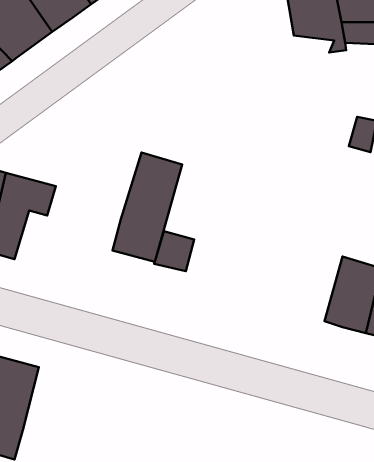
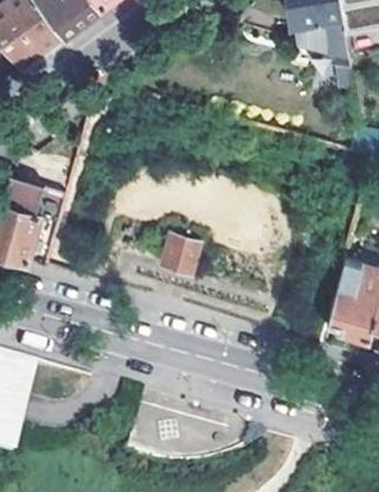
building: [112,153,182,262] -> none

